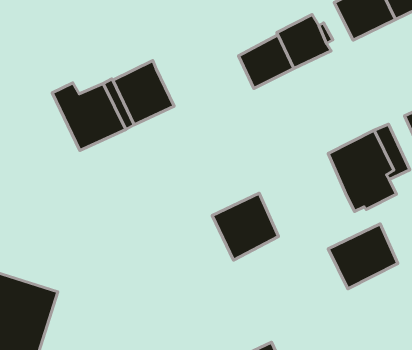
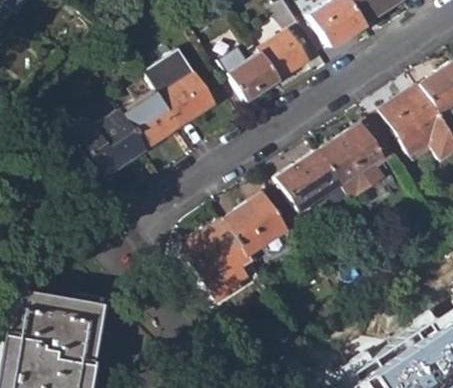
building: none -> [143,48,217,126]
building: none -> [187,218,249,302]
building: [328,224,398,289] -> [277,150,340,211]

